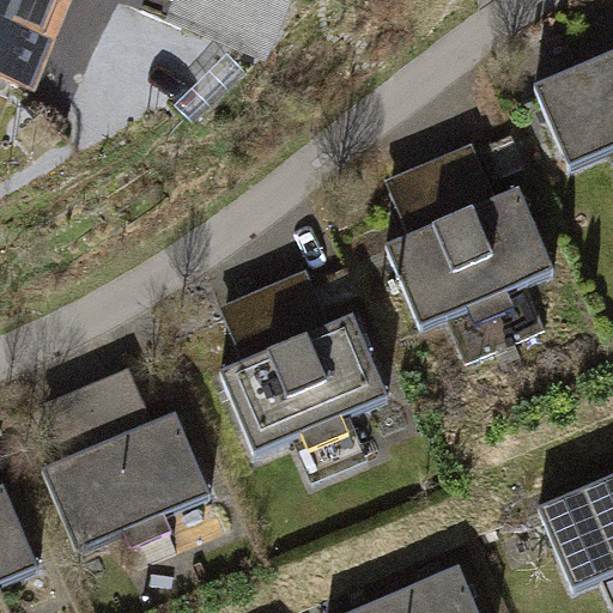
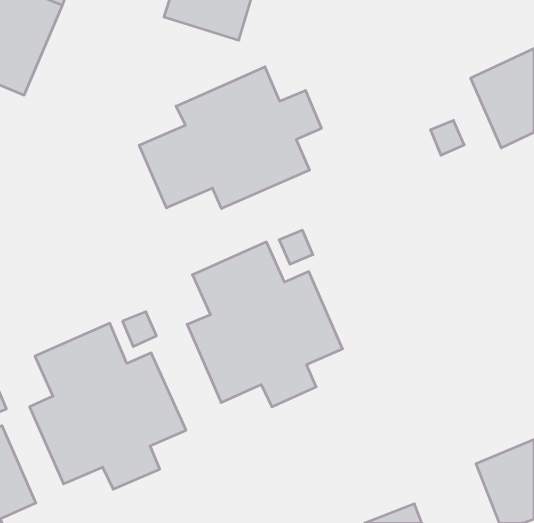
building: none -> [139,67,321,209]
building: [382,150,559,360] -> none

